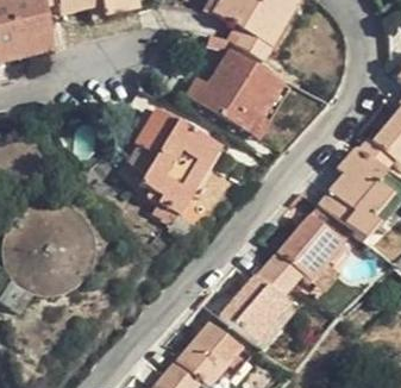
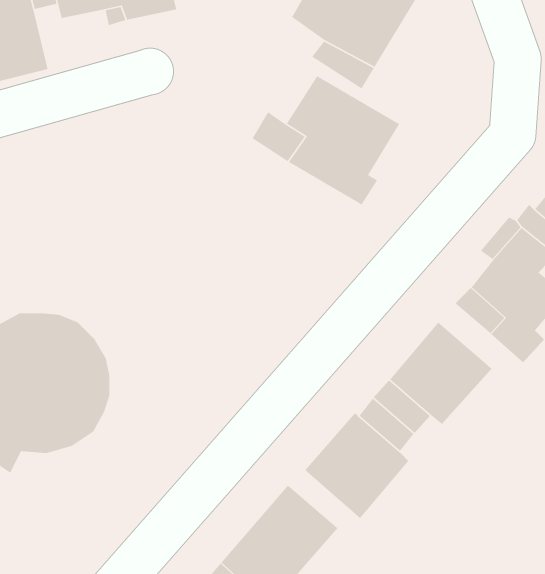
building: [130,106,223,213] -> none

